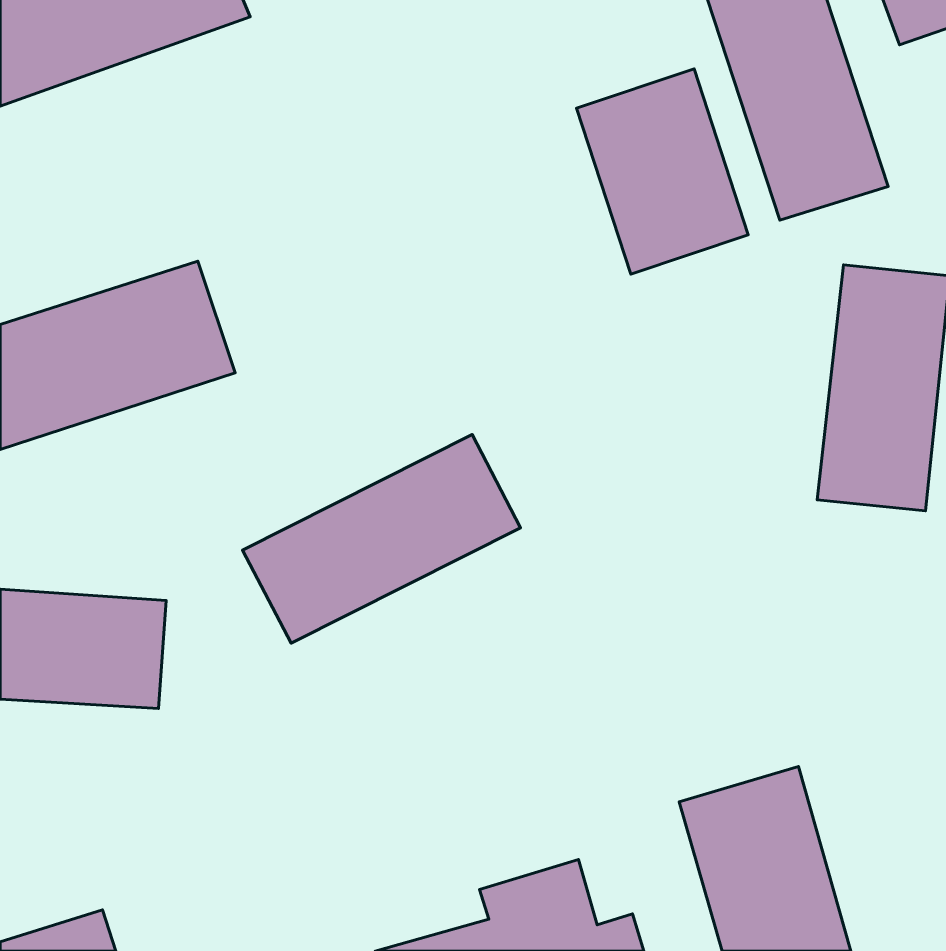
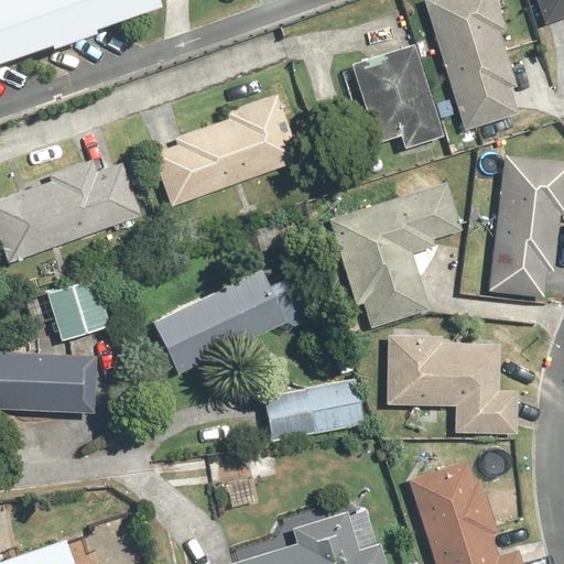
building: none -> [147,104,297,207]
building: none -> [326,182,462,333]
building: none -> [41,273,111,340]
building: none -> [384,337,523,437]
building: none -> [258,376,367,443]

